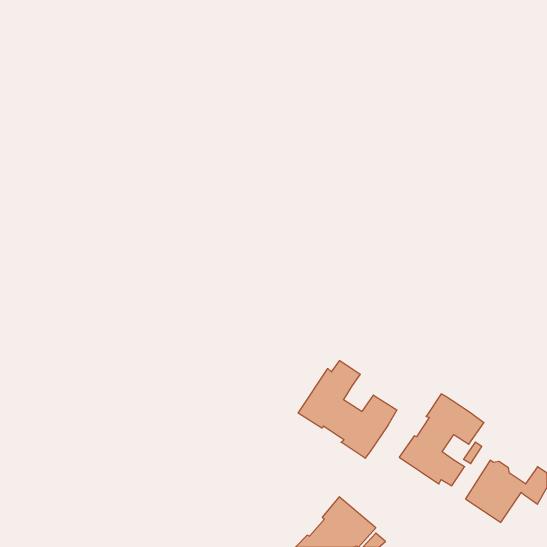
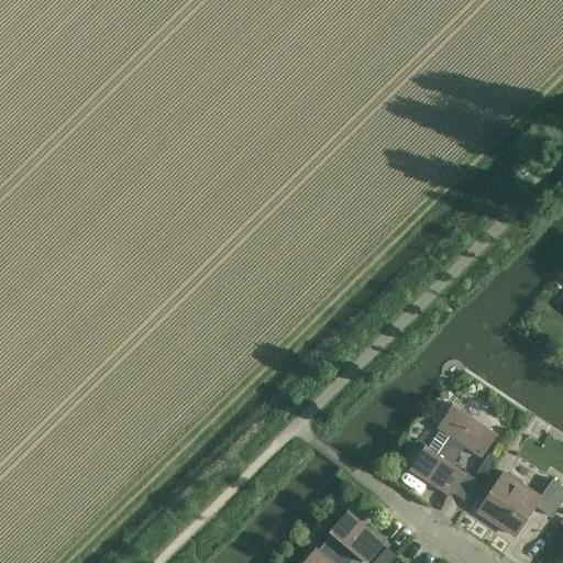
building: [298,361,397,458] -> none

